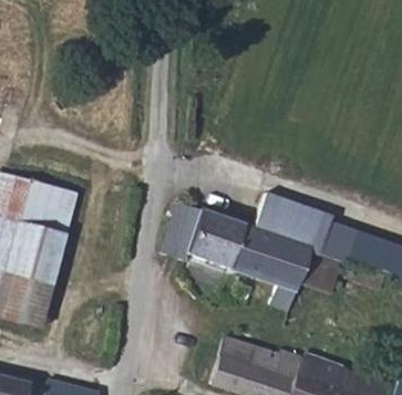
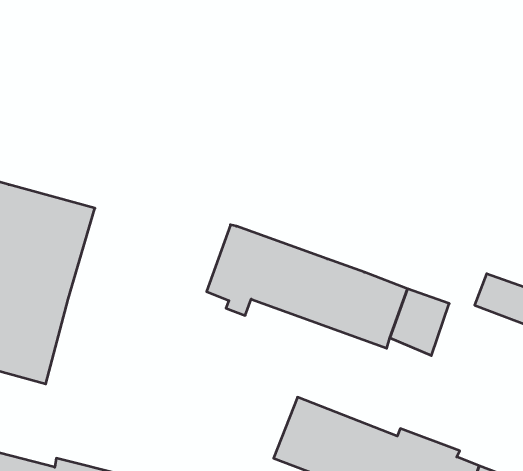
building: [264,194,371,261] -> none

